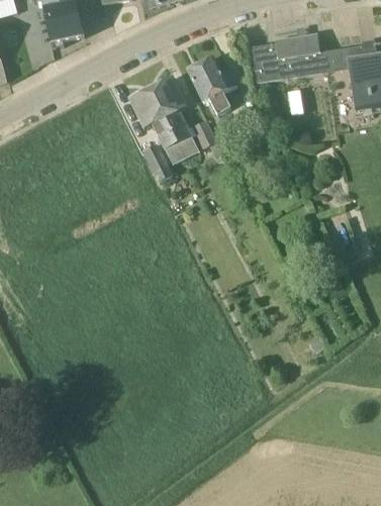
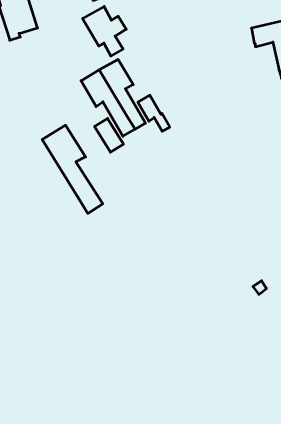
building: [251,31,328,82] -> none
building: [188,56,236,112] -> [83,6,126,56]
building: none -> [42,125,103,213]

